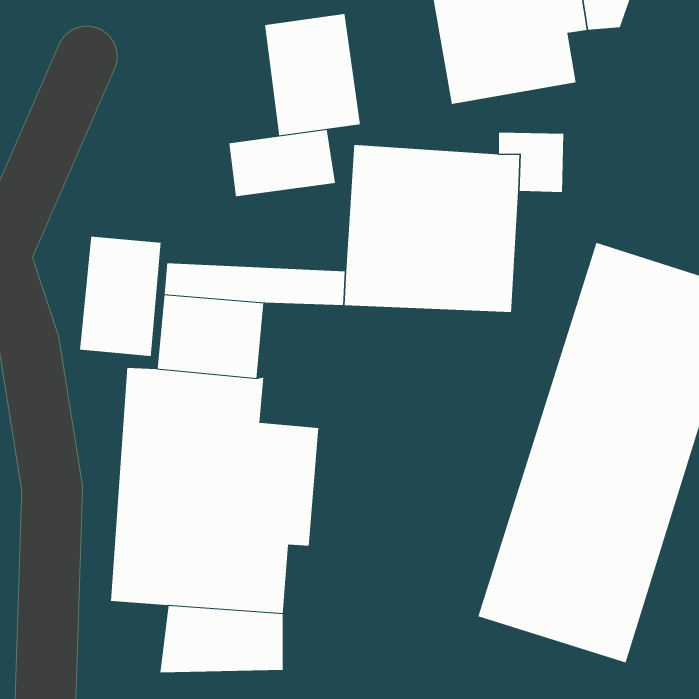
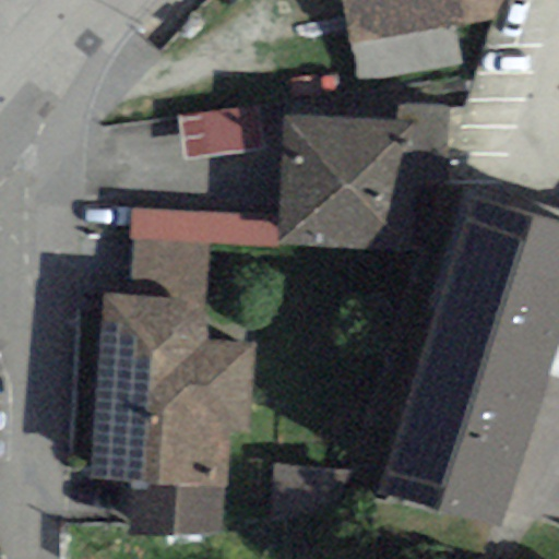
building: [264,13,361,136] -> none
building: [80,236,161,357] -> none

